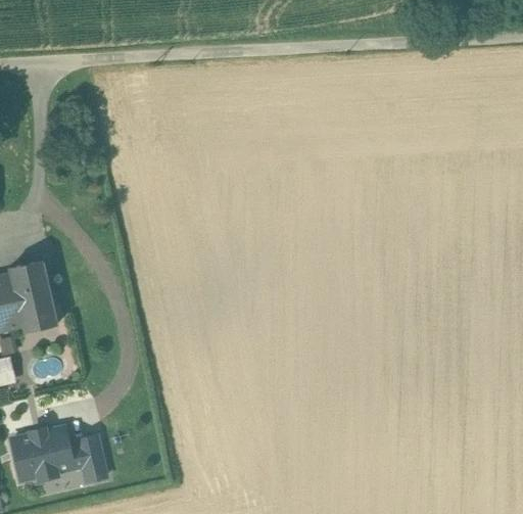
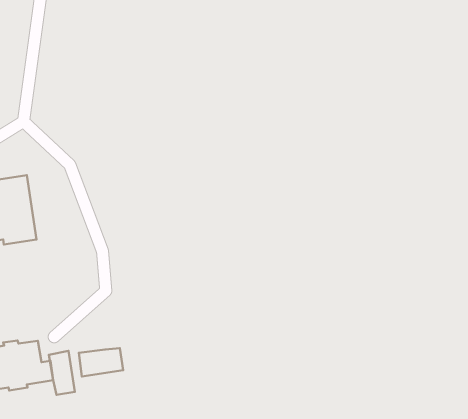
building: none -> [79,348,123,376]

